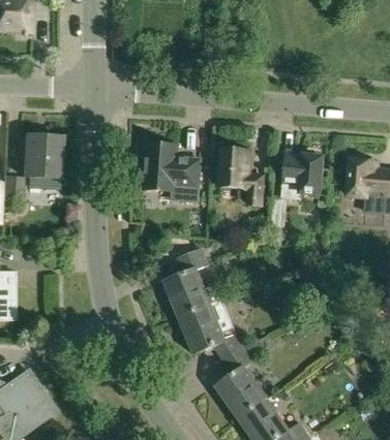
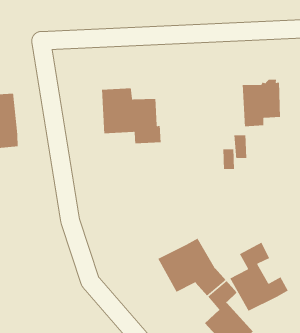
building: [218,148,263,206] -> none
building: [166,249,222,316] -> [229,242,289,312]

